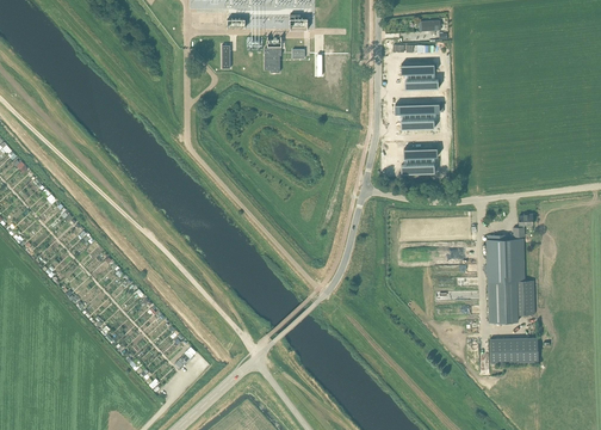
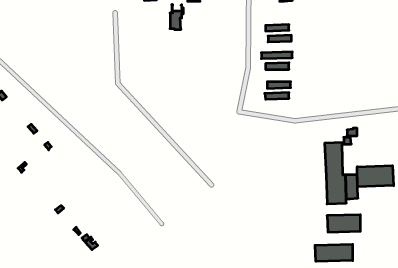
building: none -> [357,166,394,187]
building: none -> [315,244,353,261]

